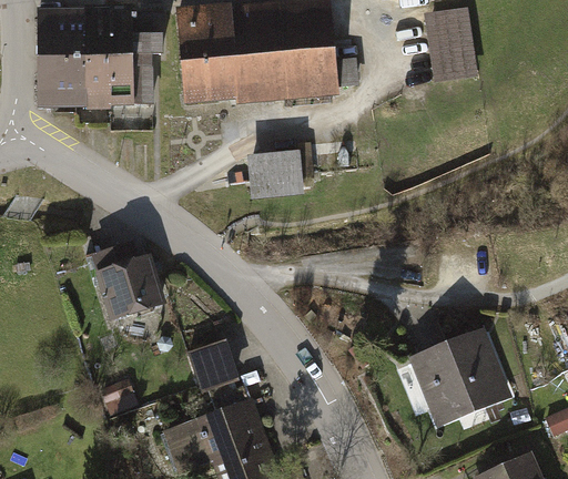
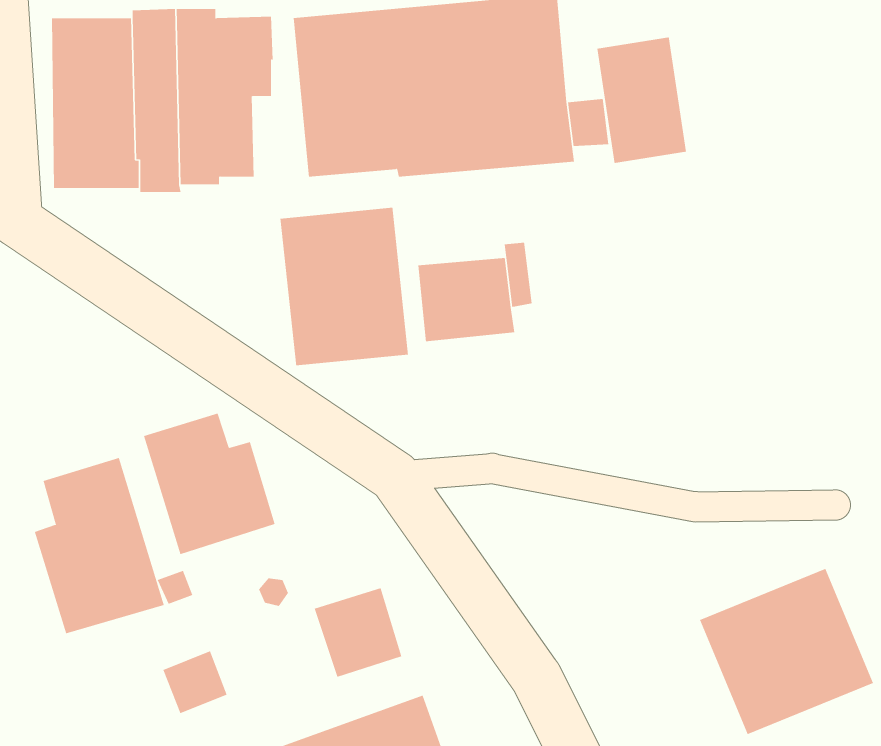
building: [424,8,476,81] -> [597,37,687,163]
building: none -> [280,207,408,366]
building: none -> [34,457,165,634]

